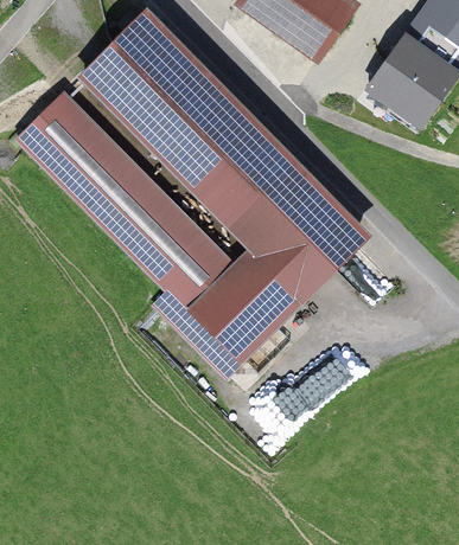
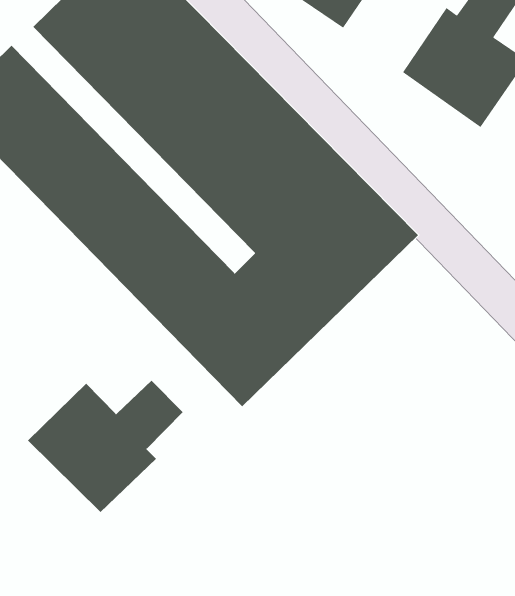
building: none -> [27,380,183,513]

